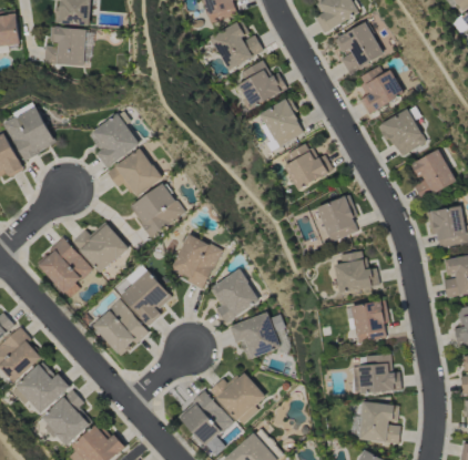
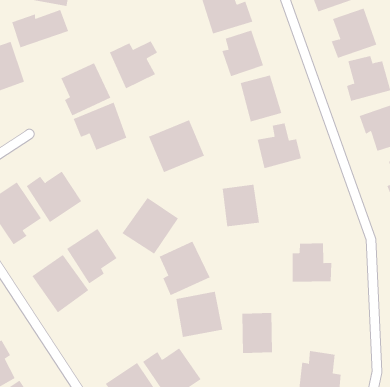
building: none -> [12,9,69,48]
building: none -> [109,41,158,89]
building: [129,183,185,237] -> [148,120,205,173]
building: [317,197,358,242] -> [222,184,260,227]
building: [350,300,386,344] -> [242,312,273,353]

